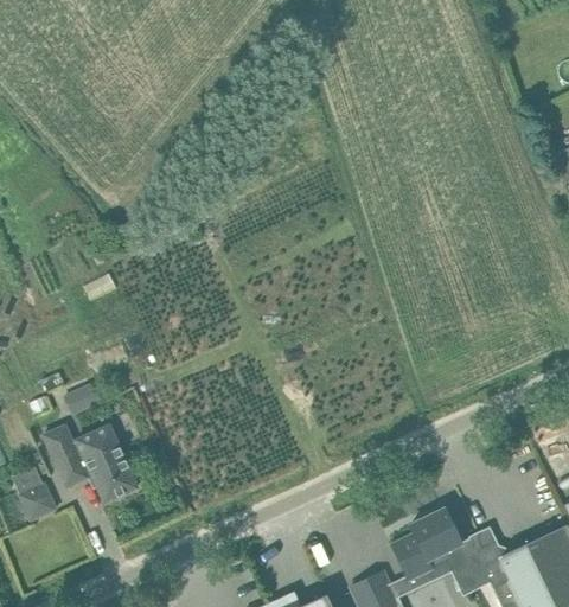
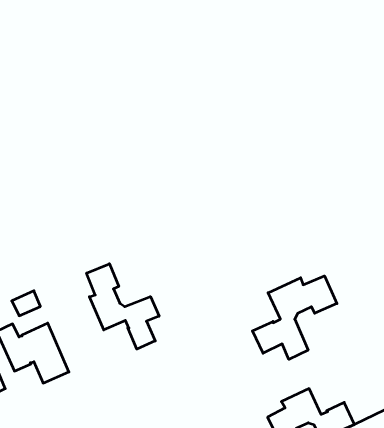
building: none -> [87,264,159,349]
building: none -> [252,276,337,359]

